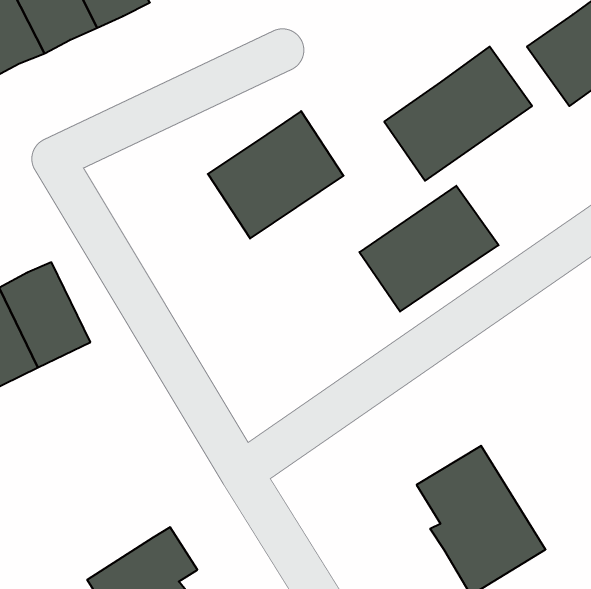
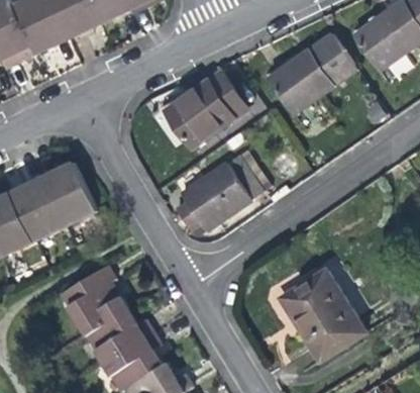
building: [359,186,499,312] -> [184,154,267,228]
building: none -> [59,266,133,350]

